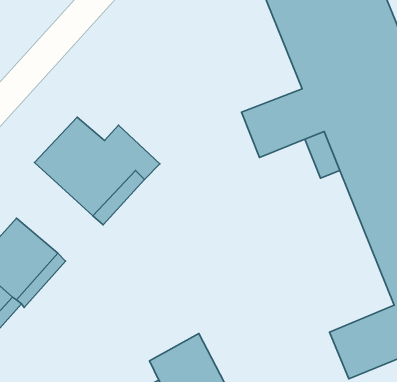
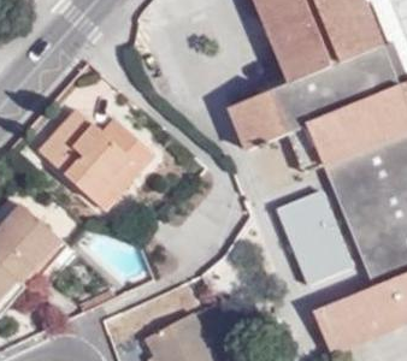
building: none -> [272,190,350,286]

